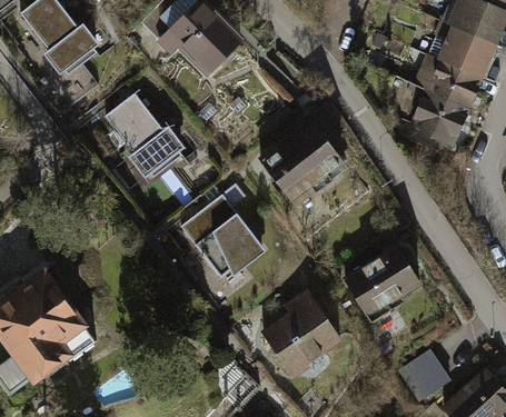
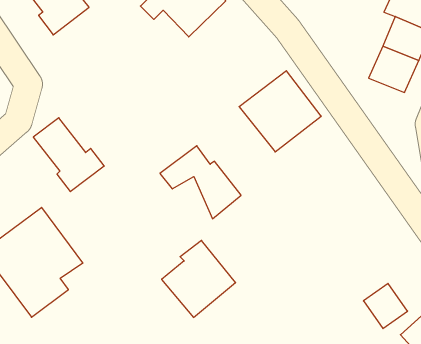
building: [107,99,183,179] -> [33,118,104,192]
building: [343,240,425,319] -> none
building: [262,290,343,374] -> [162,240,236,317]

